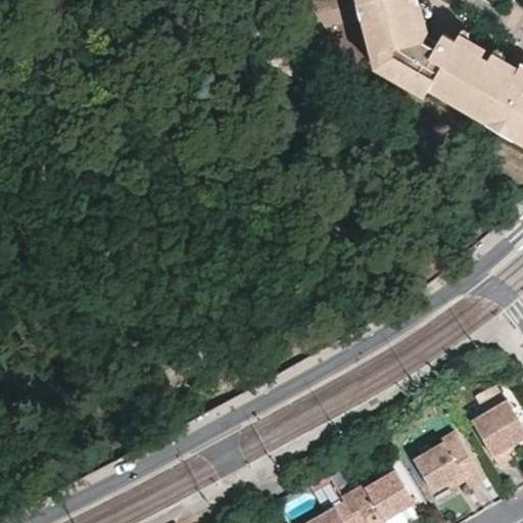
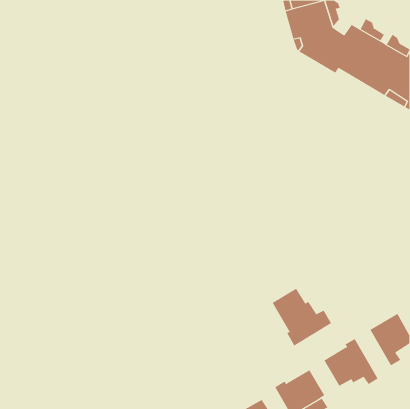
building: none -> [272,288,332,346]

